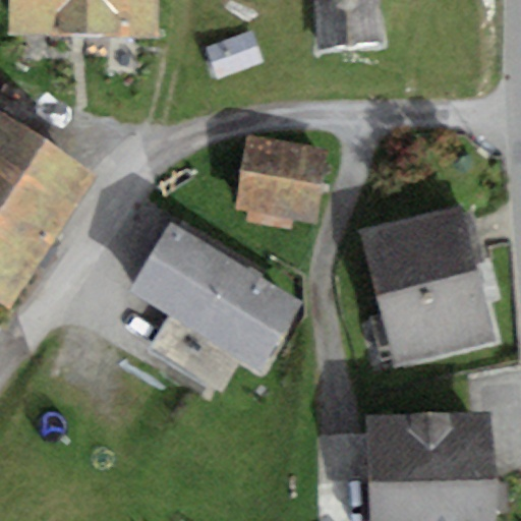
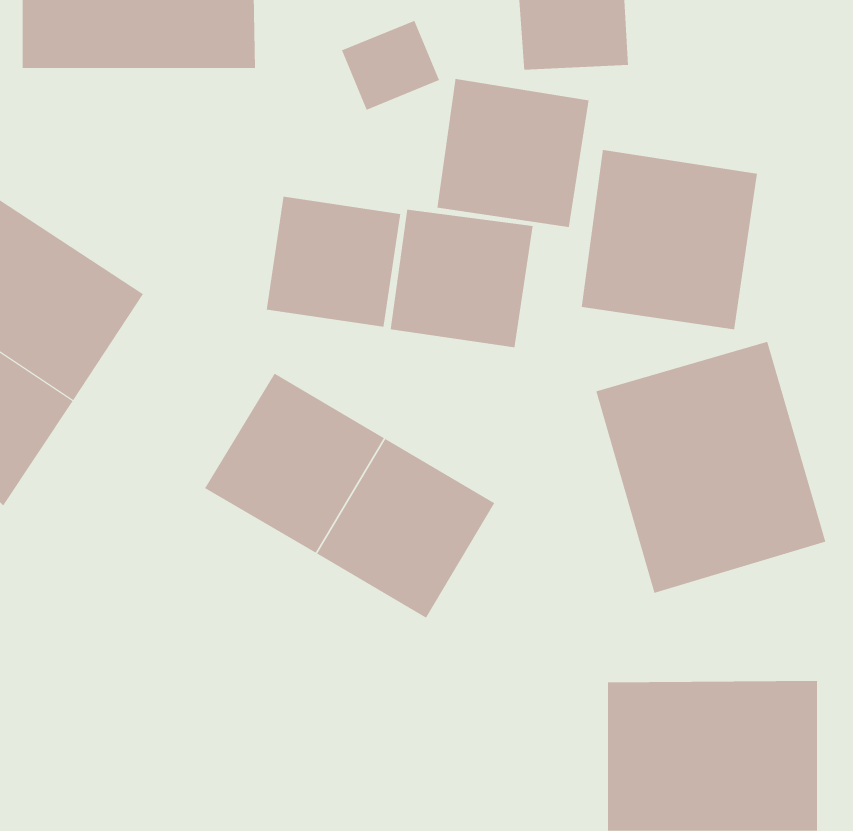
building: none -> [437,78,589,228]
building: none -> [581,149,757,330]
building: none -> [266,196,401,328]

